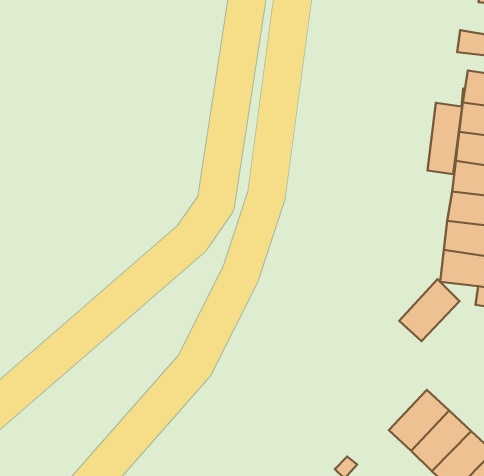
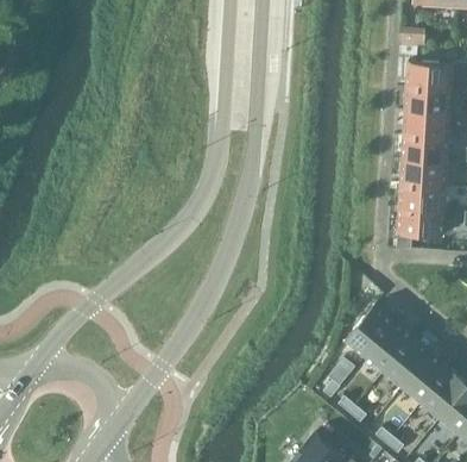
building: [428,89,464,174] -> none
building: [399,279,459,341] -> [345,305,392,356]

